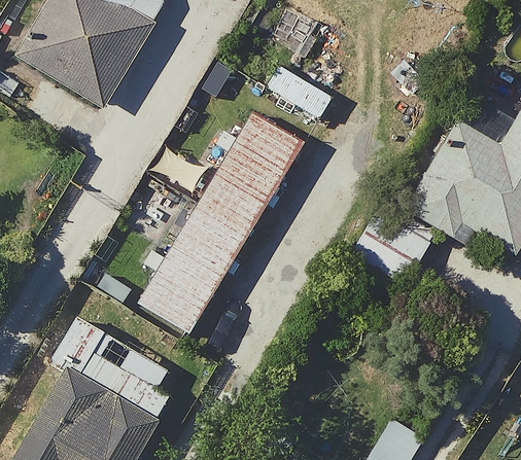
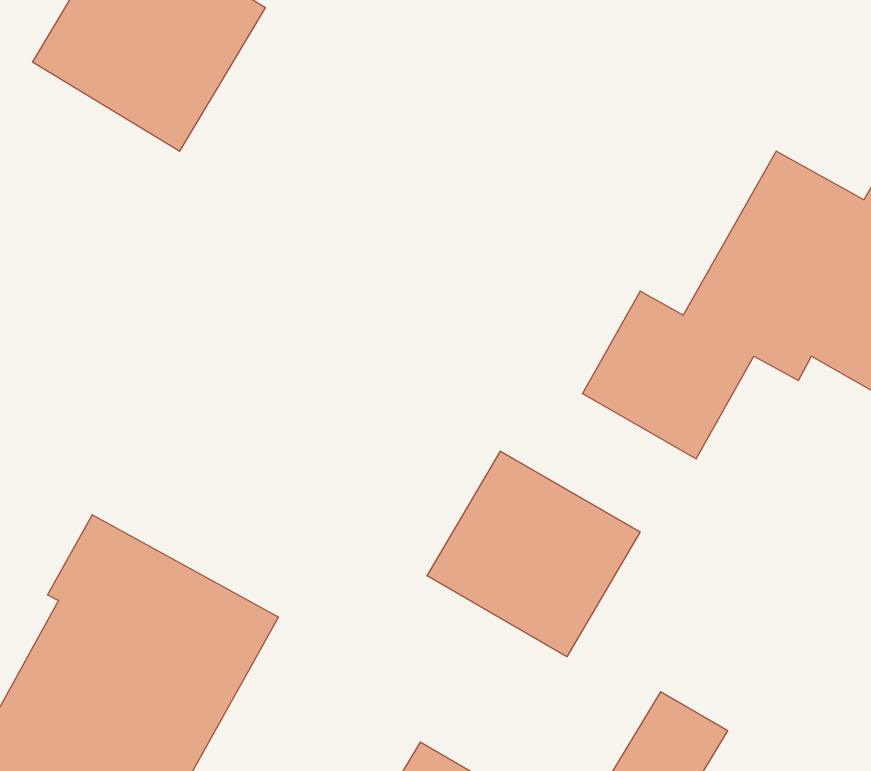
building: [138,114,301,335] -> none
building: none -> [427,451,640,657]

